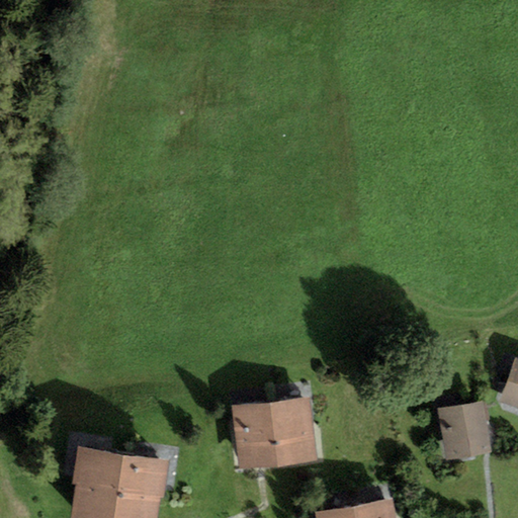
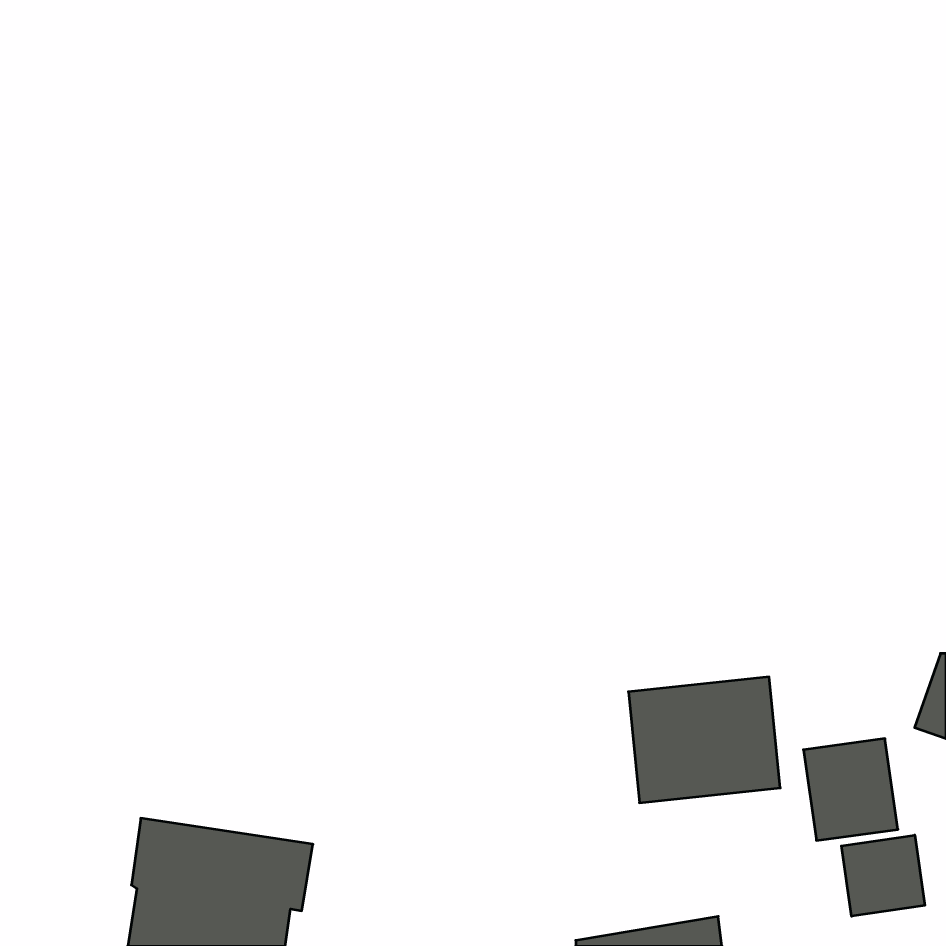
building: [234,400,317,468] -> [628,677,780,803]
building: none -> [841,835,925,916]

